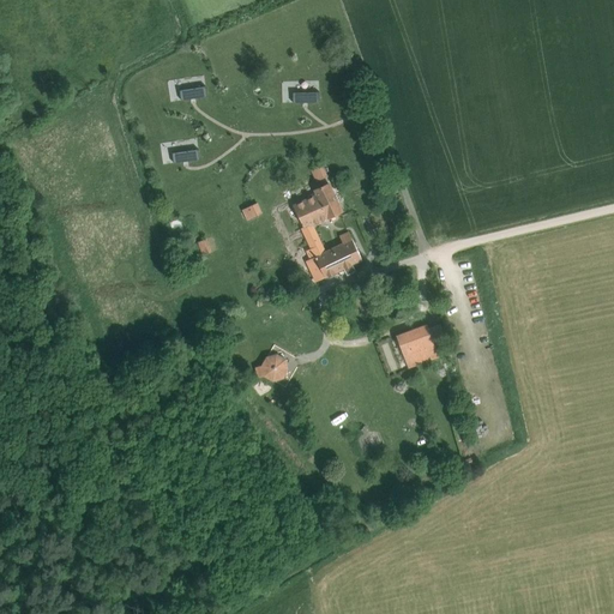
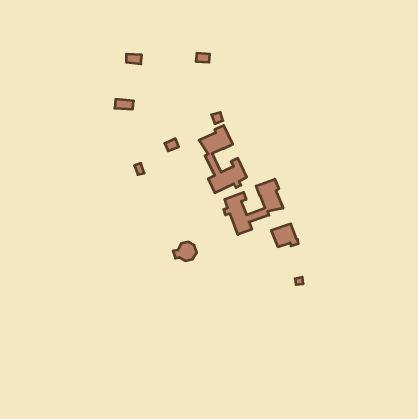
building: none -> [224,179,283,235]

